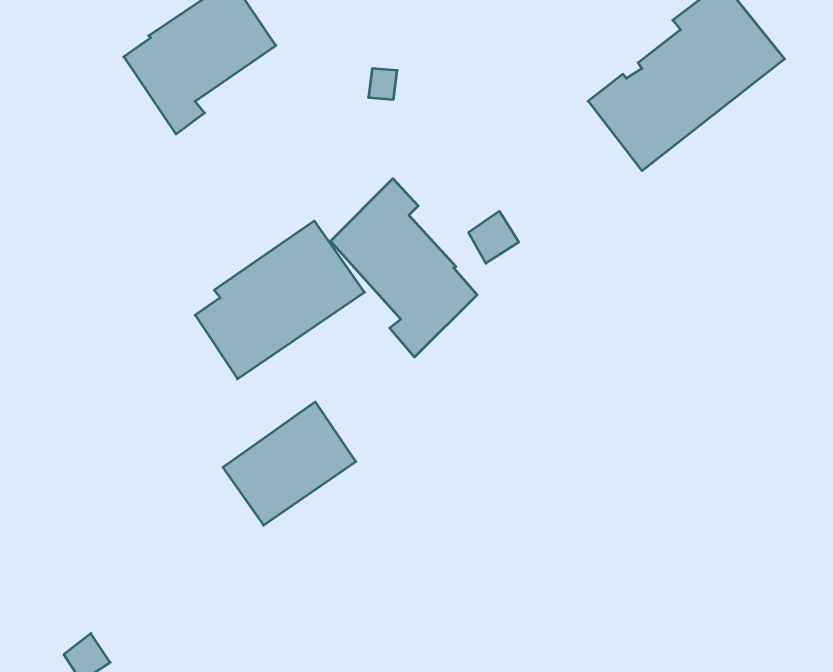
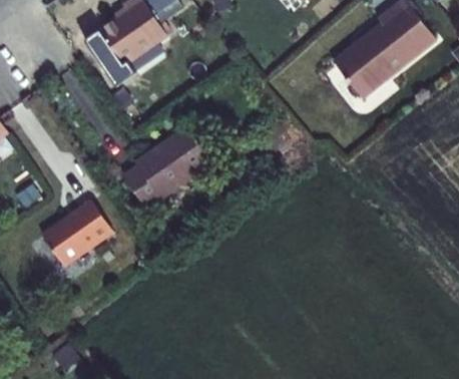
building: [330,179,477,357] -> none
building: [223,402,356,525] -> [44,200,113,264]

